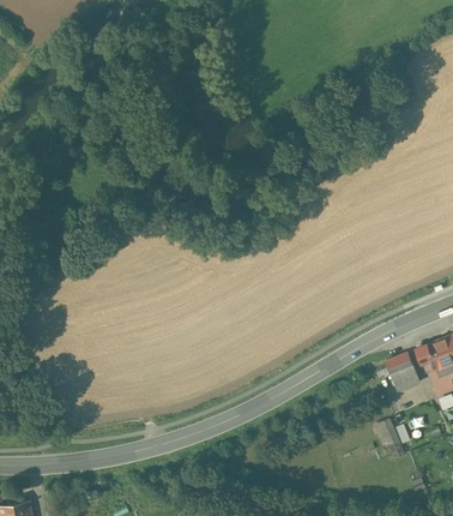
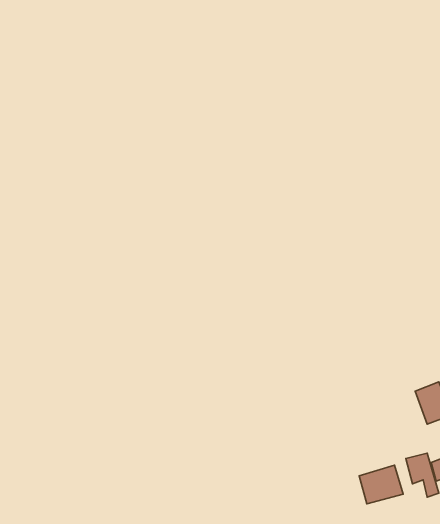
building: none -> [359,465,403,504]

